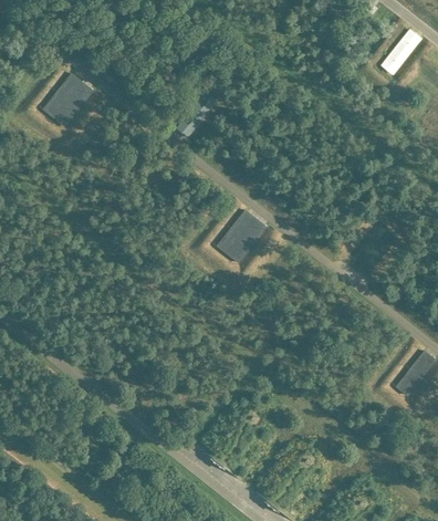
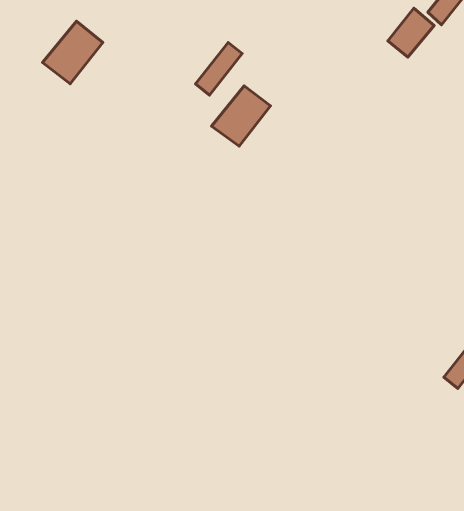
building: none -> [388,8,434,57]
building: [216,209,268,262] -> [212,86,271,146]

